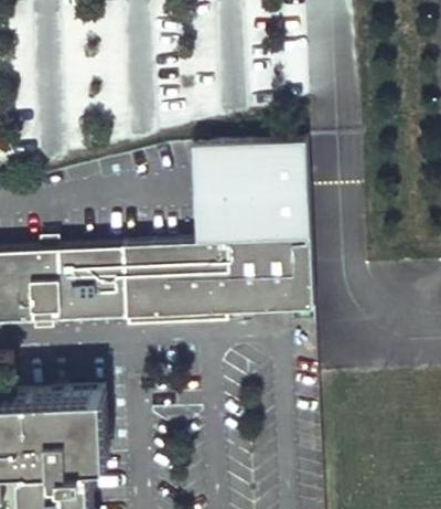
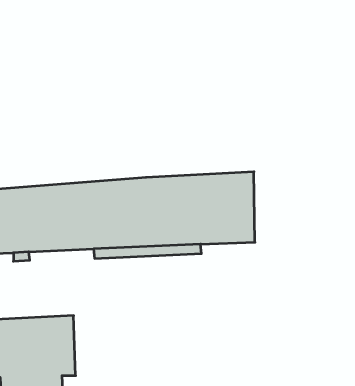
building: [180,140,308,237] -> none

